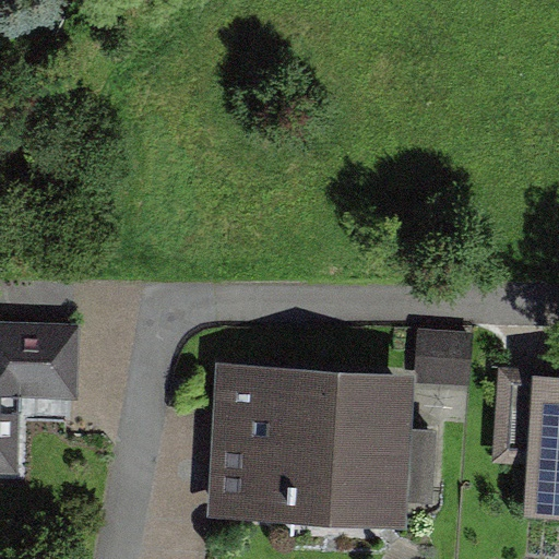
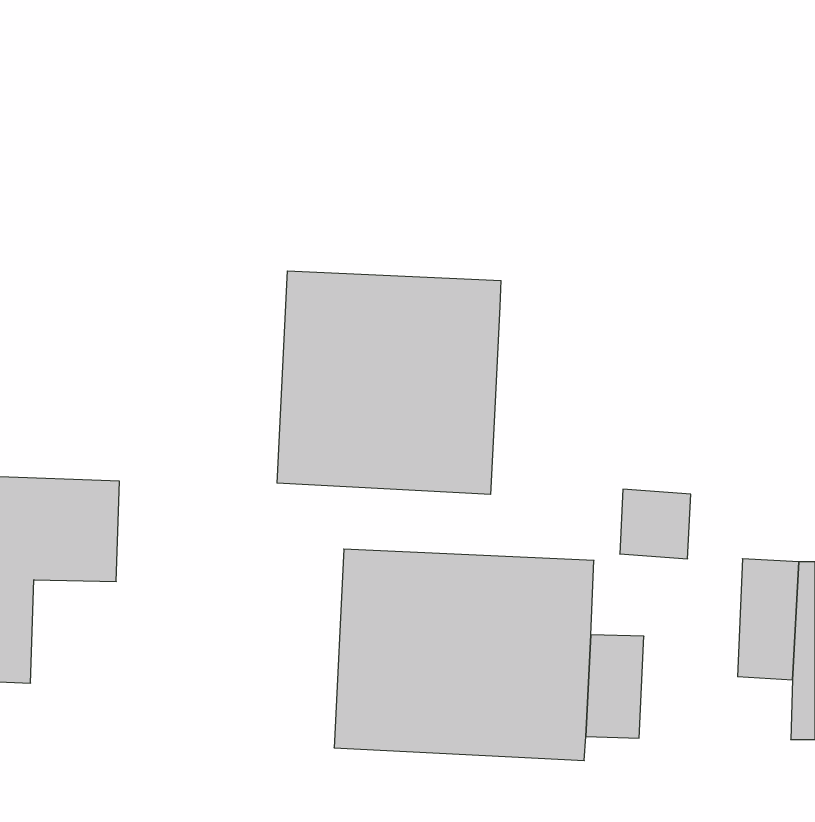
building: none -> [277,271,501,494]

